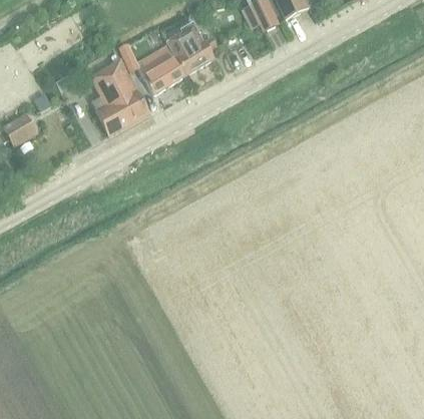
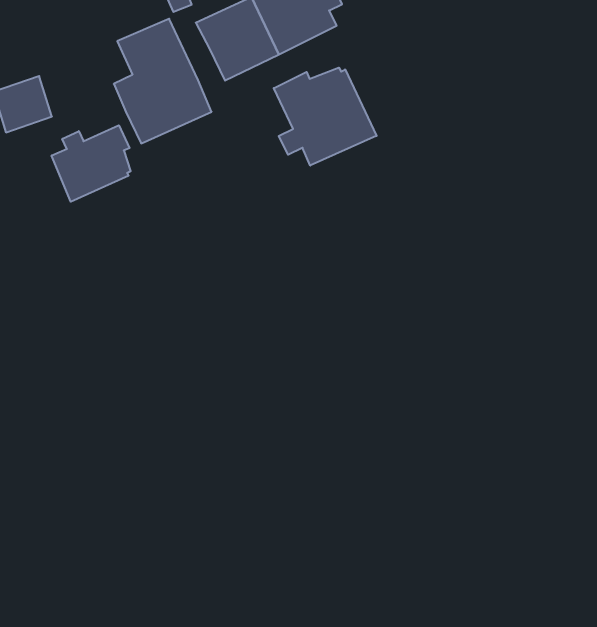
building: none -> [274,68,377,166]
building: none -> [52,125,131,202]

